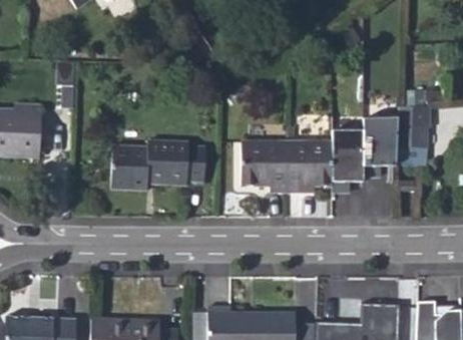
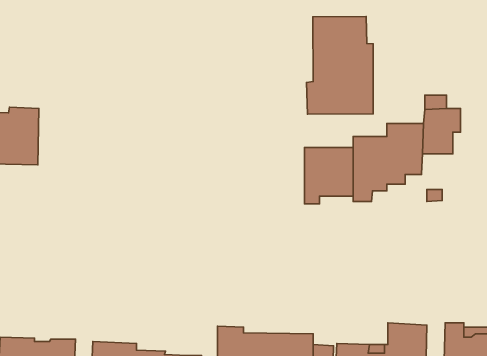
building: none -> [307,17,373,114]
building: [110,139,206,189] -> none
building: [241,140,287,193] -> none

